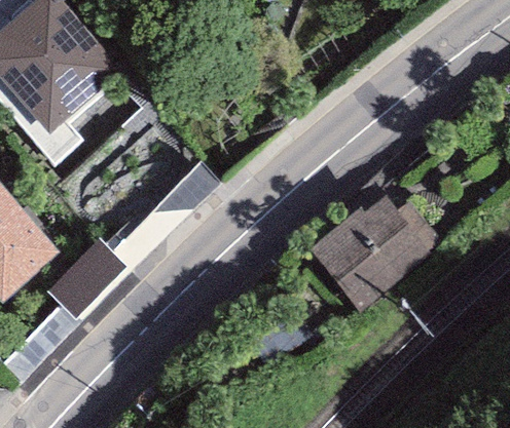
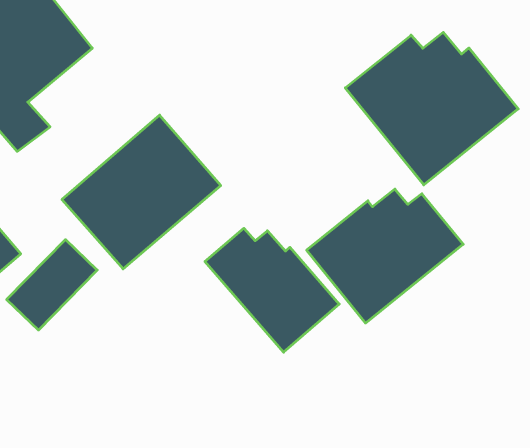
building: none -> [345,32,518,185]
building: none -> [205,228,339,352]

